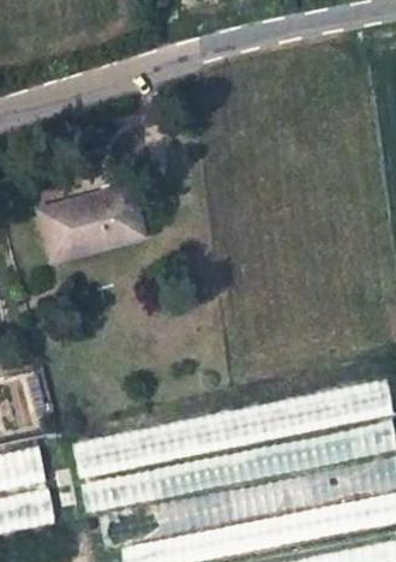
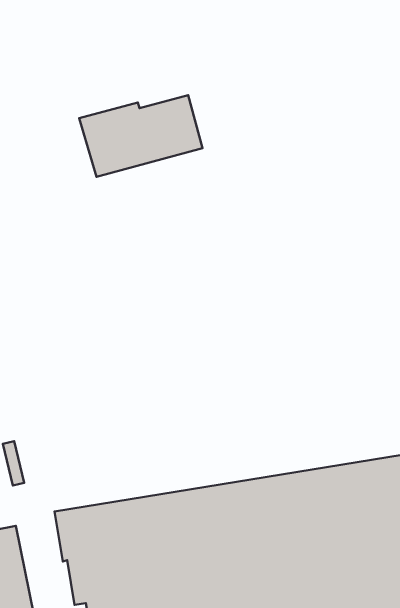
building: [41,191,144,259] -> [79,95,202,177]

